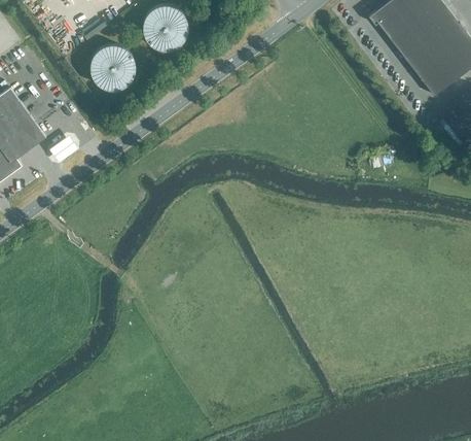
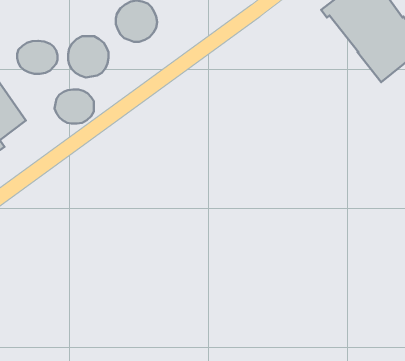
building: none -> [17,41,58,74]
building: none -> [55,89,94,123]

